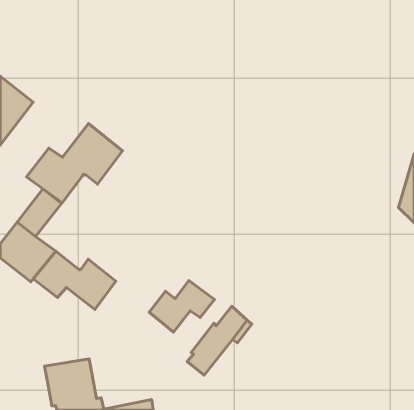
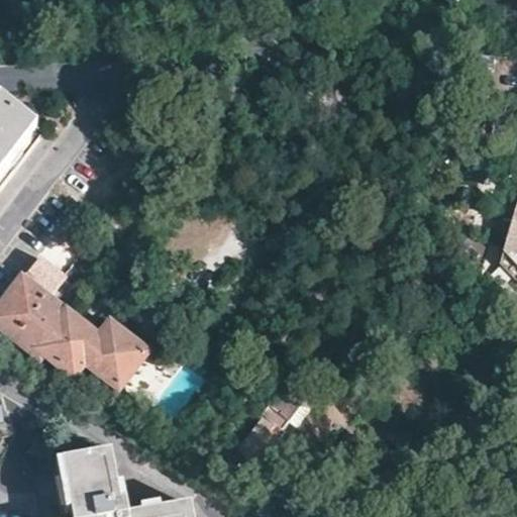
building: [26,123,123,203] -> none
building: [149,280,214,332] -> none

